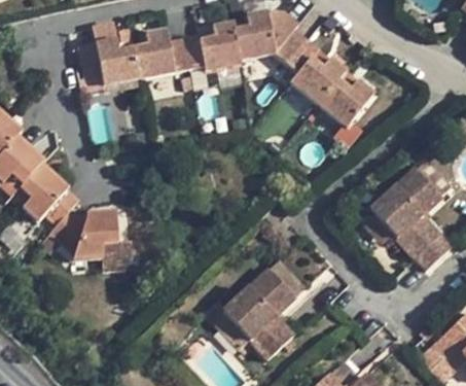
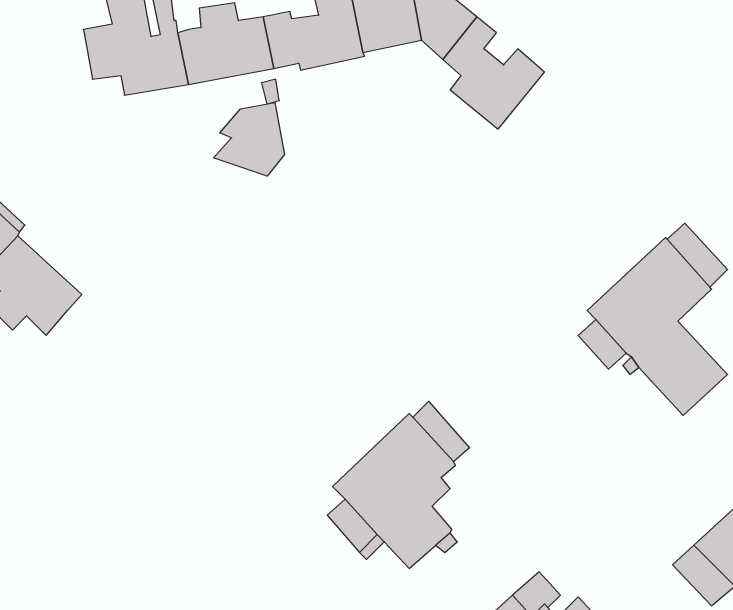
building: [319,71,373,128] -> none
building: none -> [214,103,285,176]
building: [42,209,117,257] -> none

